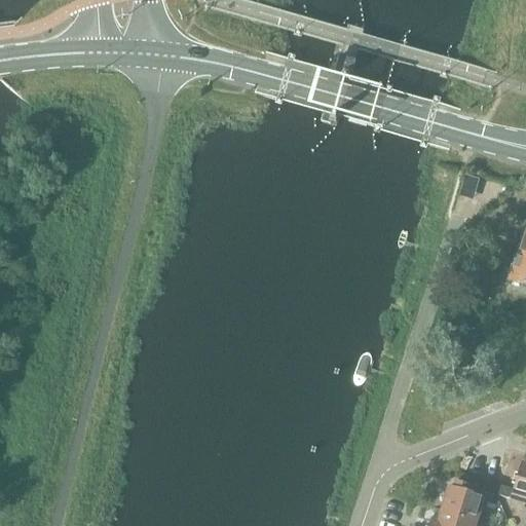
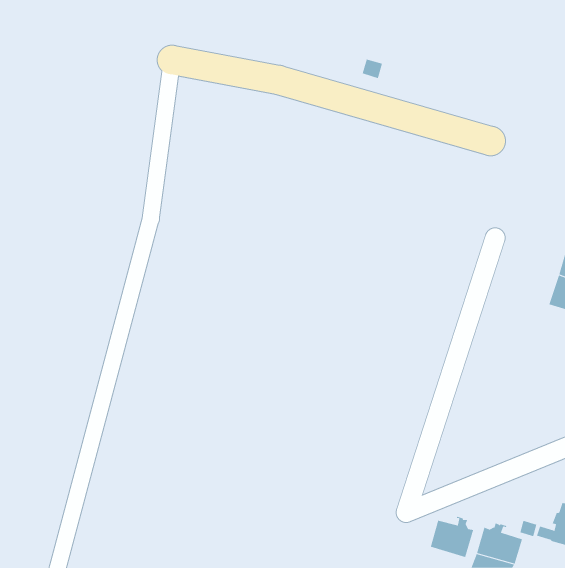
building: none -> [430,516,474,558]

